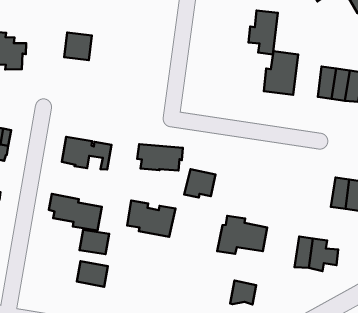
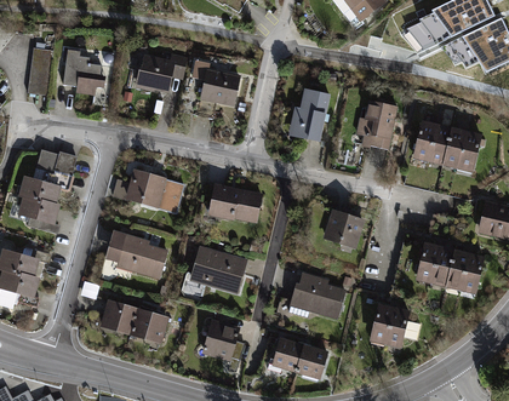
building: [248,10,278,54] -> [292,91,327,141]
building: none -> [201,71,239,104]
building: [184,169,215,197] -> [325,212,361,244]
building: [80,230,109,254] -> [103,302,137,331]
building: none -> [202,323,244,360]
building: none -> [267,339,303,373]

